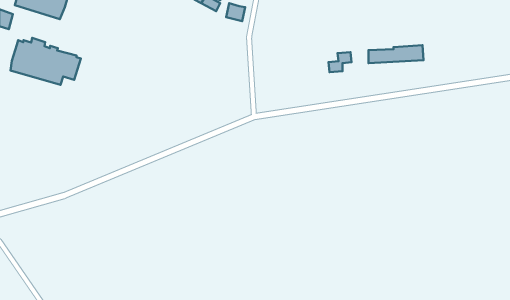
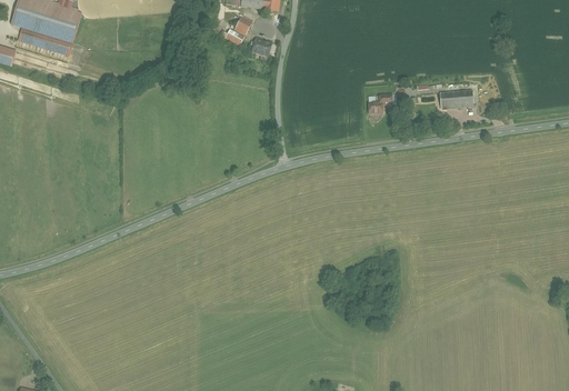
building: [11,38,81,85] -> none

